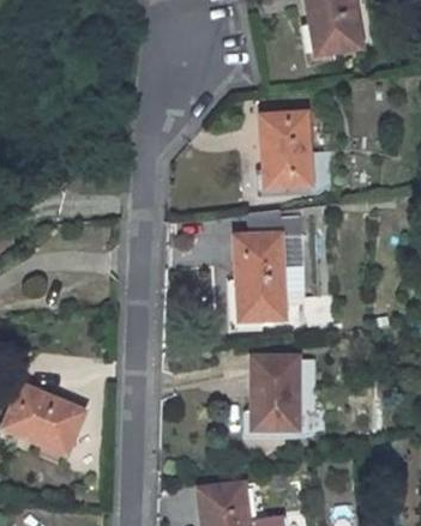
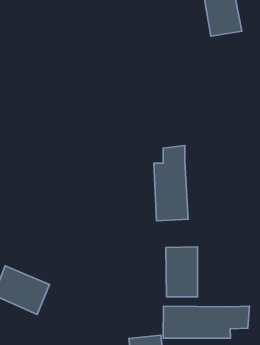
building: [261,114,312,189] -> none
building: none -> [163,306,249,338]

